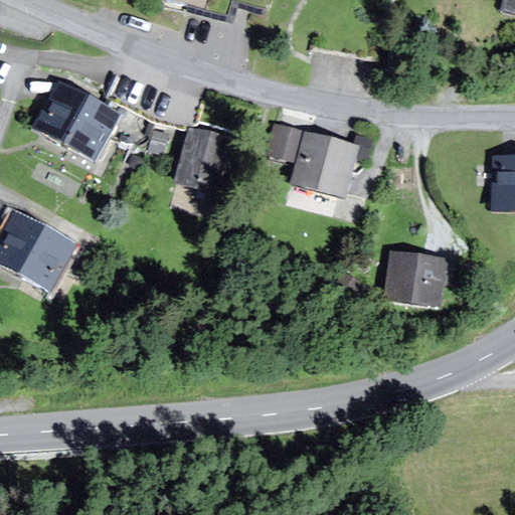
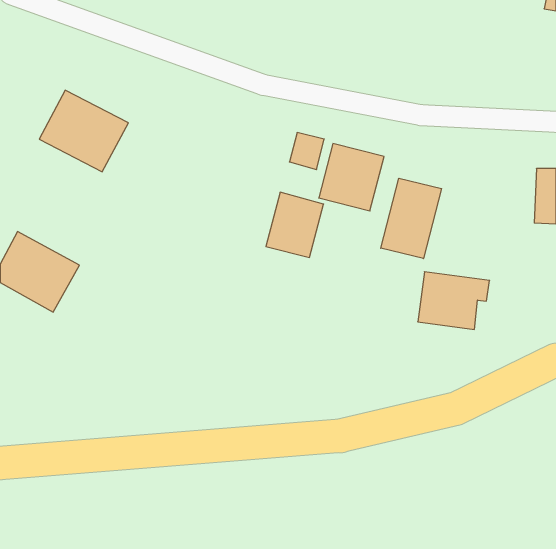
building: [176,129,229,189] -> [266,192,324,257]
building: none -> [381,178,442,259]

